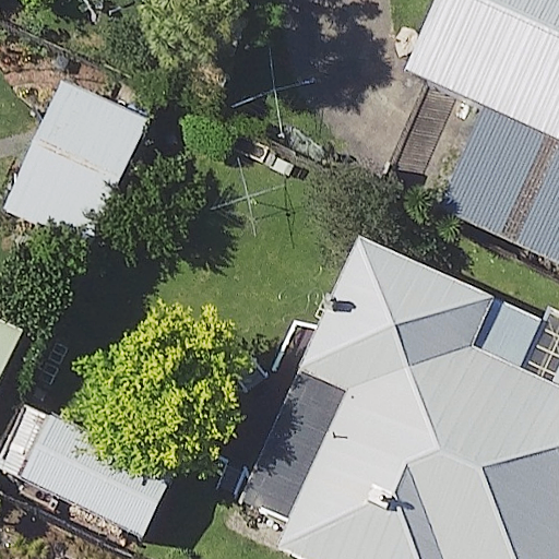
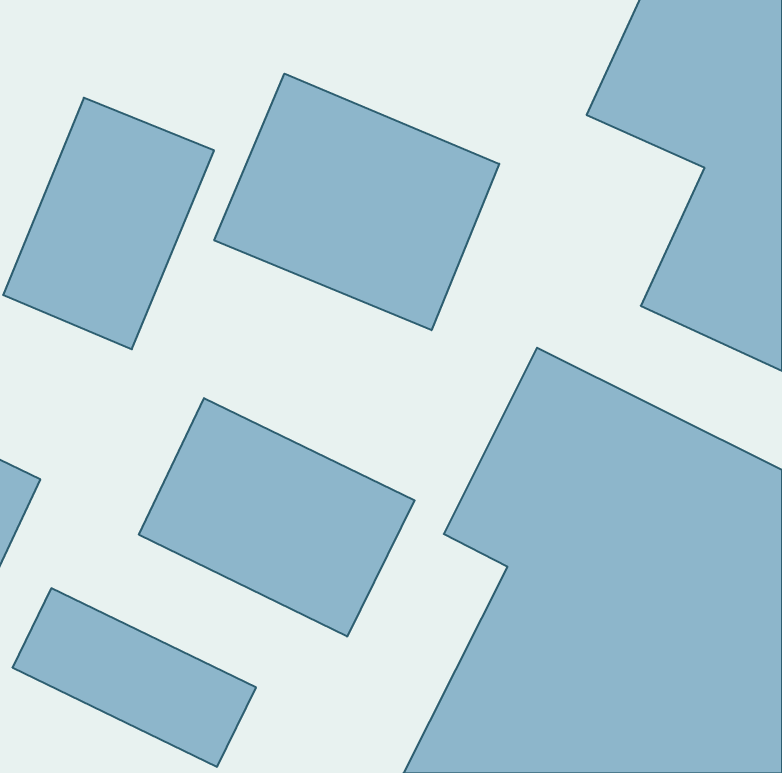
building: none -> [214,74,499,330]
building: none -> [139,398,415,637]

